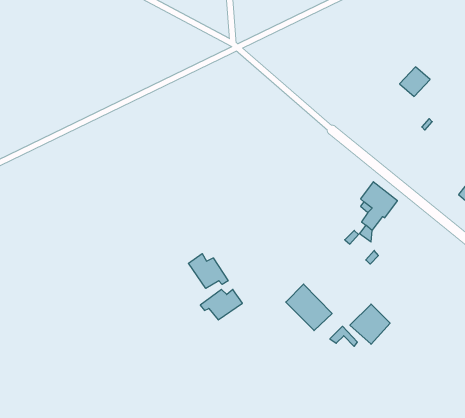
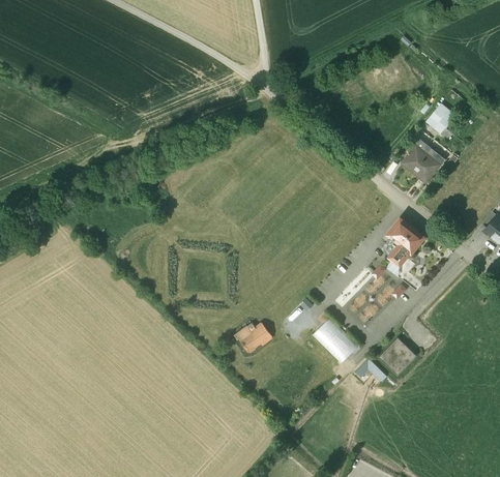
building: none -> [402,144,440,182]
building: [188,254,228,288] -> none

